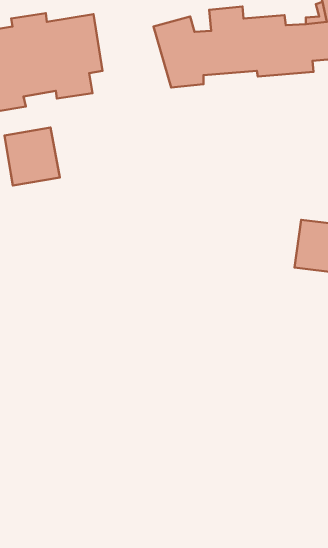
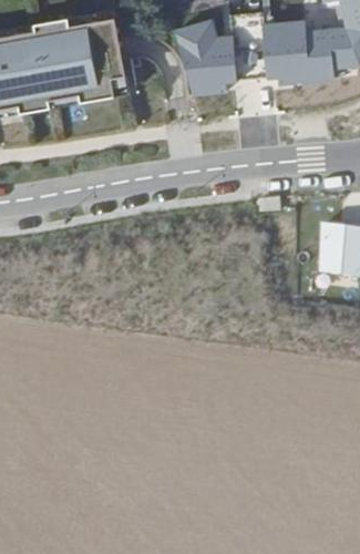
building: [4,127,60,186] -> none

